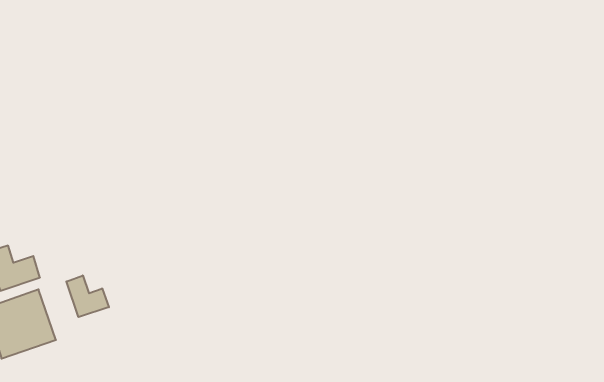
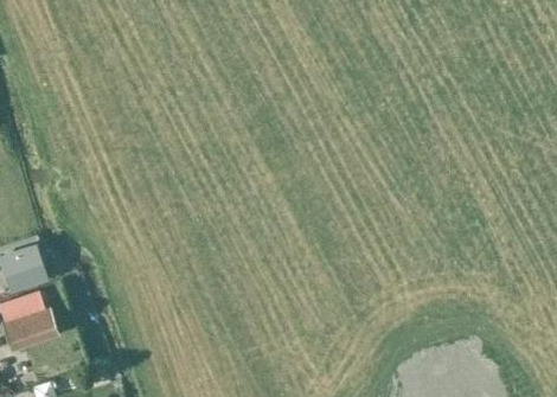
building: [66,275,109,317] -> none

